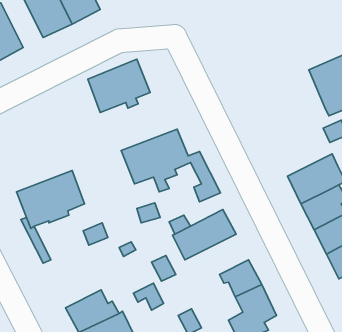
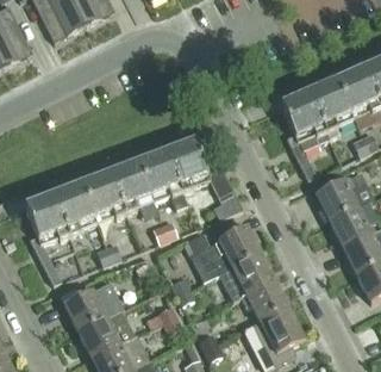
building: [88,59,150,113] -> [83,161,150,218]
building: none -> [279,75,352,176]
building: none -> [218,250,271,298]
building: none -> [62,279,123,329]

